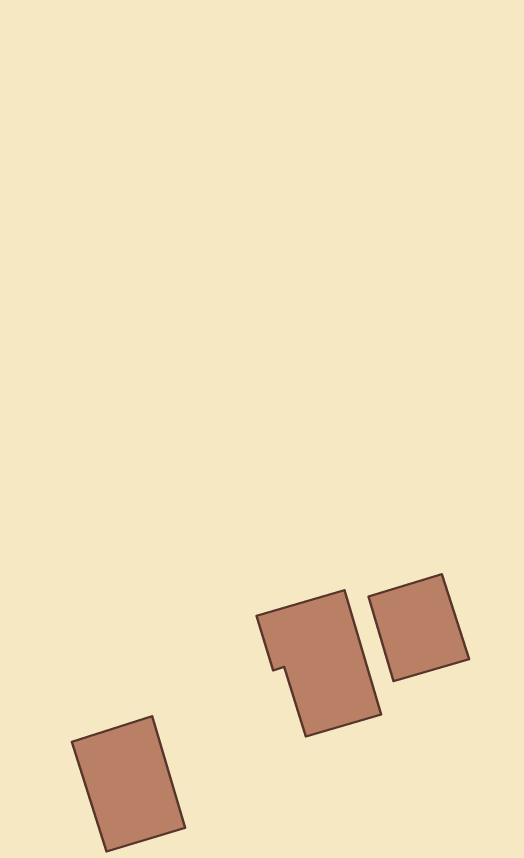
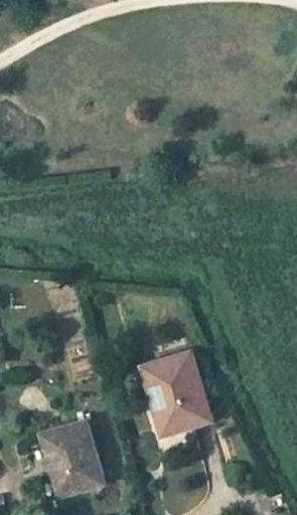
building: [368,574,469,681] -> none

